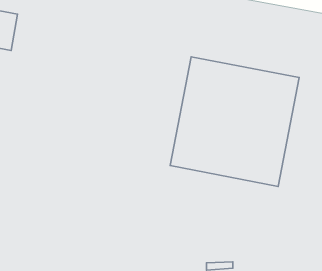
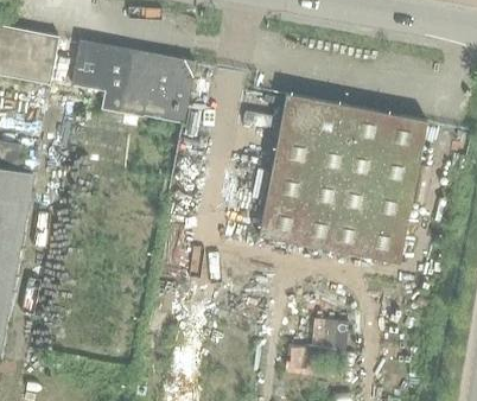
building: none -> [75,42,195,122]

